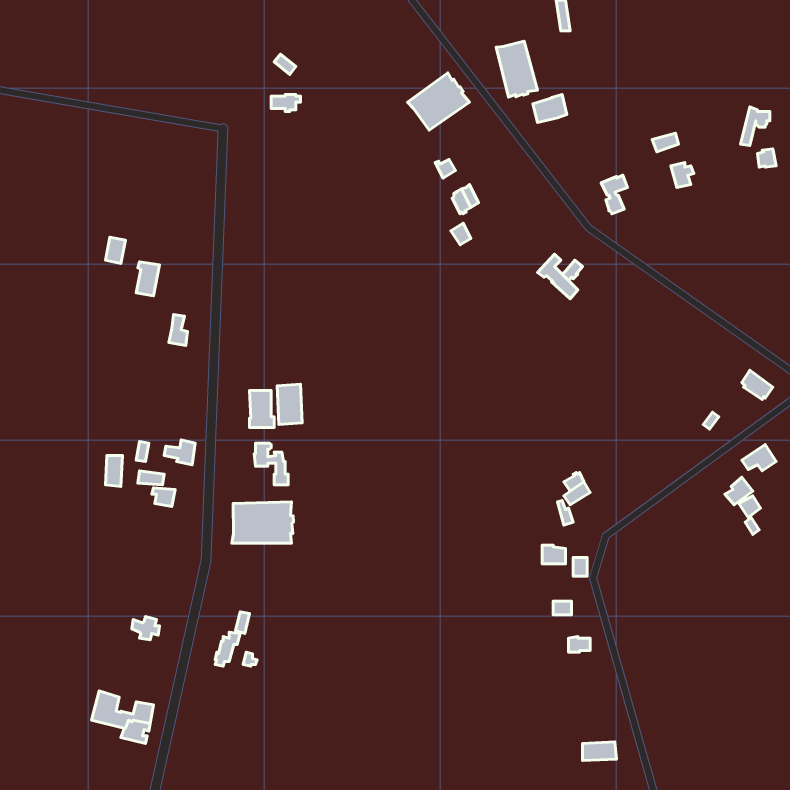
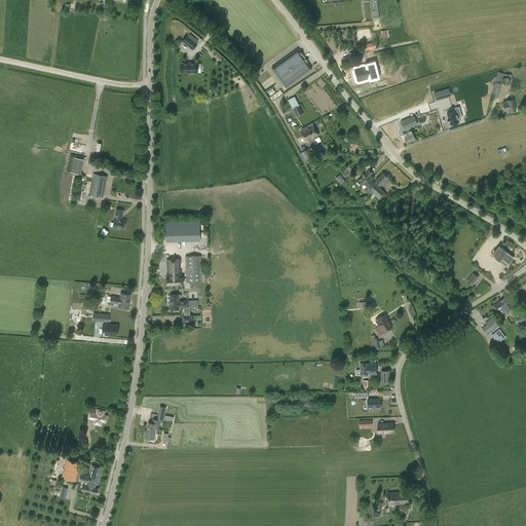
building: [496,41,537,97] -> none
building: none -> [164,223,199,242]
building: [232,502,293,543] -> none

